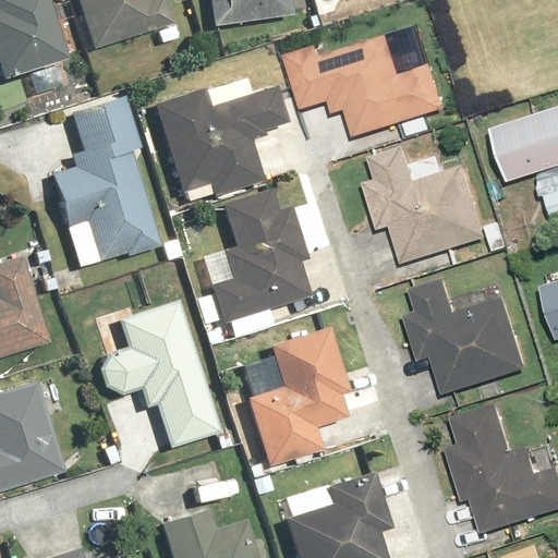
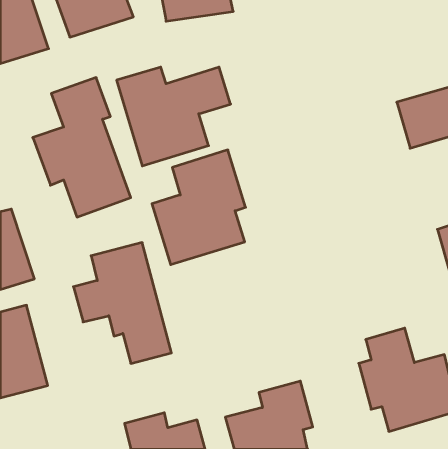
building: [287,29,451,138] -> none
building: [366,143,492,263] -> none
building: [409,276,533,395] -> none
building: [244,329,350,465] -> none

